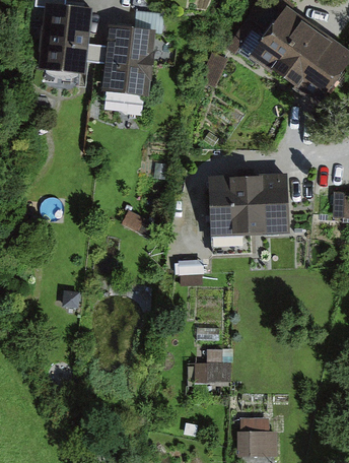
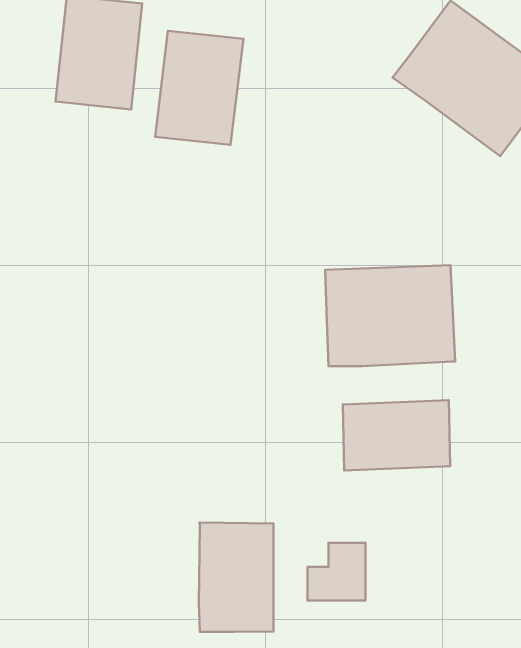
building: none -> [343,400,450,470]
building: none -> [199,523,274,632]

